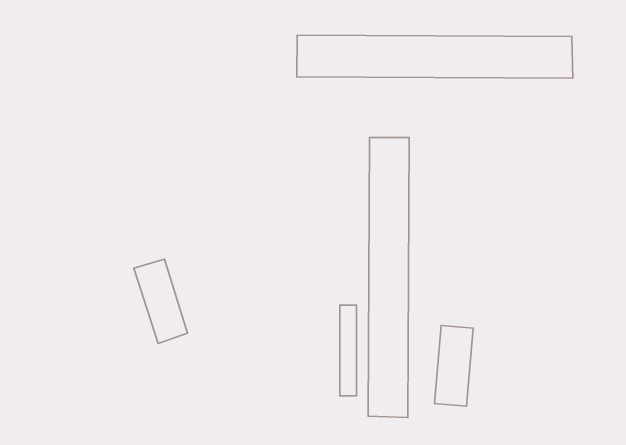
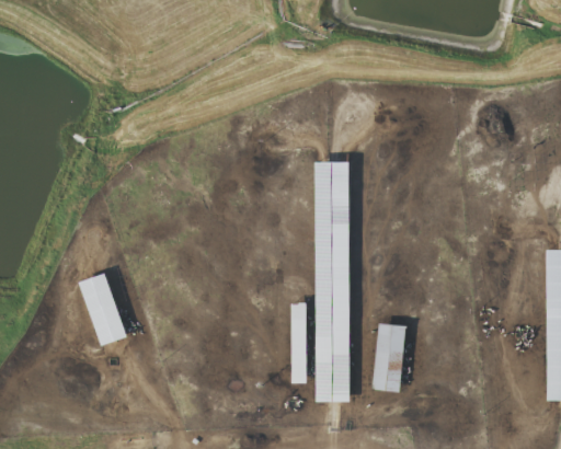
building: [297,35,573,78] -> none
building: [134,259,188,344] -> [80,274,126,346]

